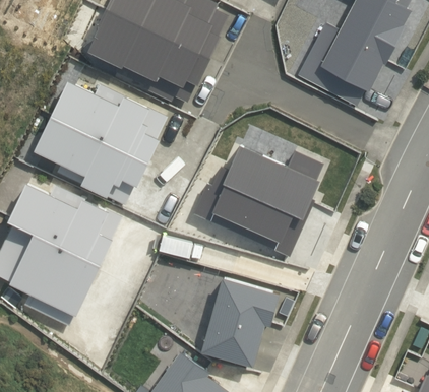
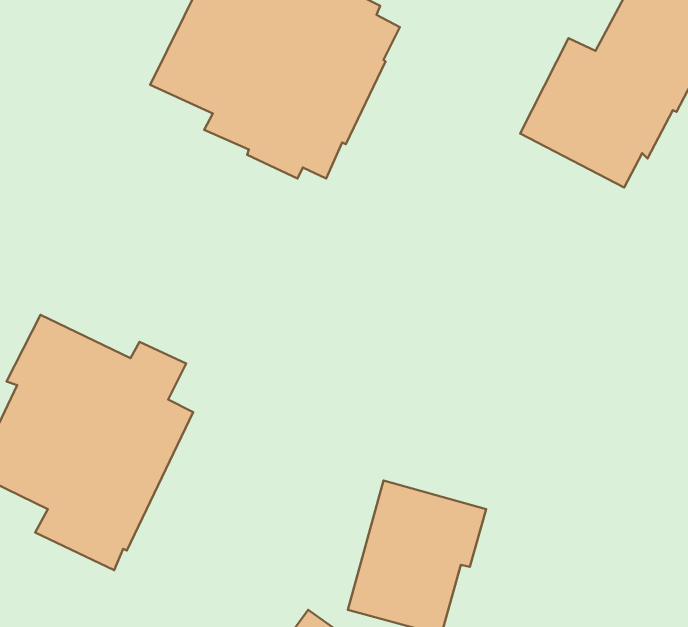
building: [33,78,161,194] -> none
building: [190,142,321,252] -> none

